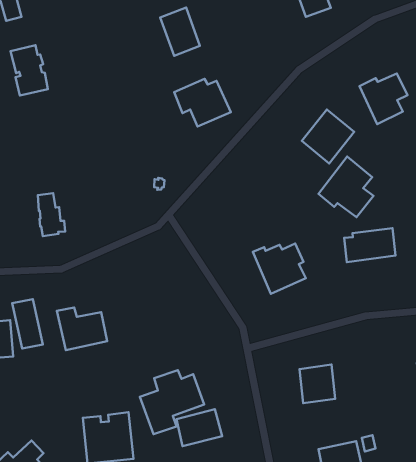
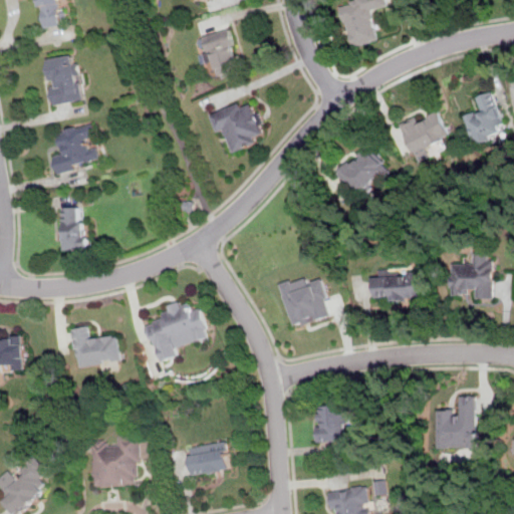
building: none -> [51,125,96,175]
building: [318,157,374,217] -> none
building: [12,299,43,348] -> none
building: [140,370,204,434] -> [143,301,208,364]

